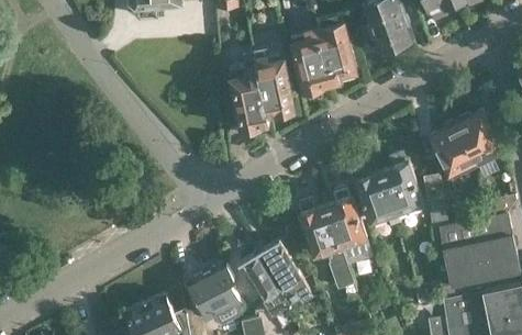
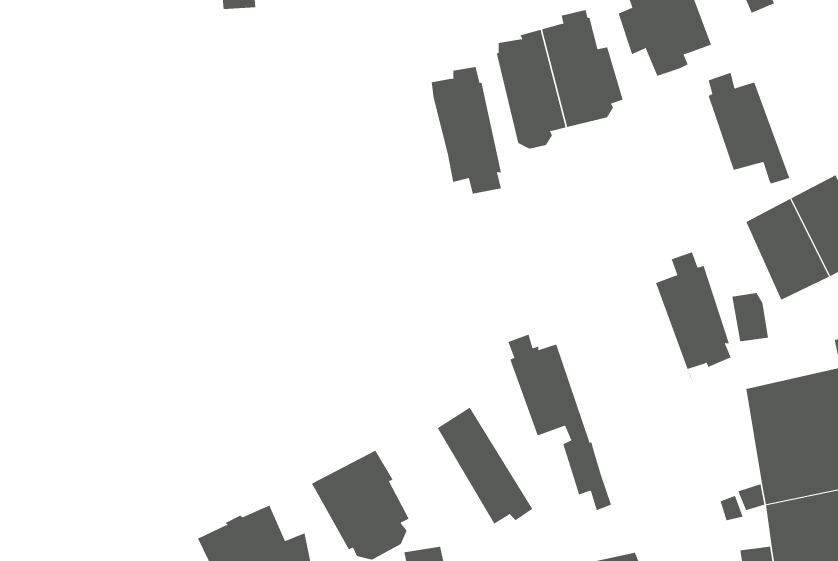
building: [231,66,269,137] -> none
building: [354,165,400,227] -> [708,72,790,184]
building: [325,187,371,264] -> none
building: [238,252,290,311] -> none

